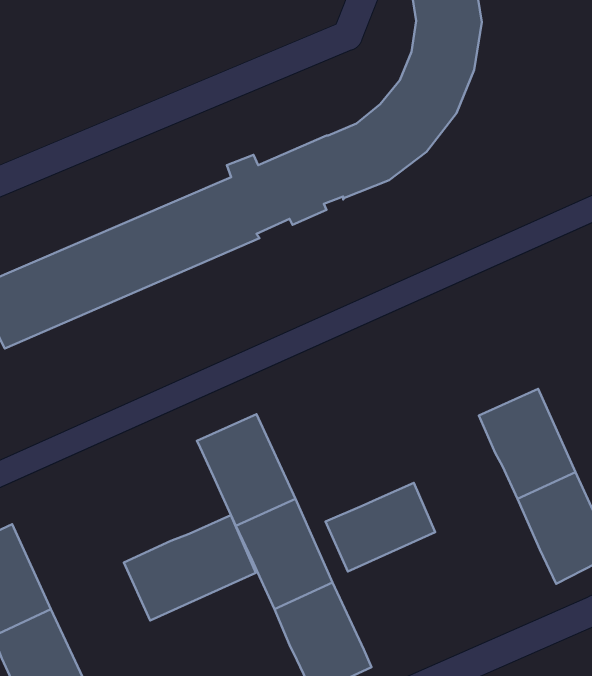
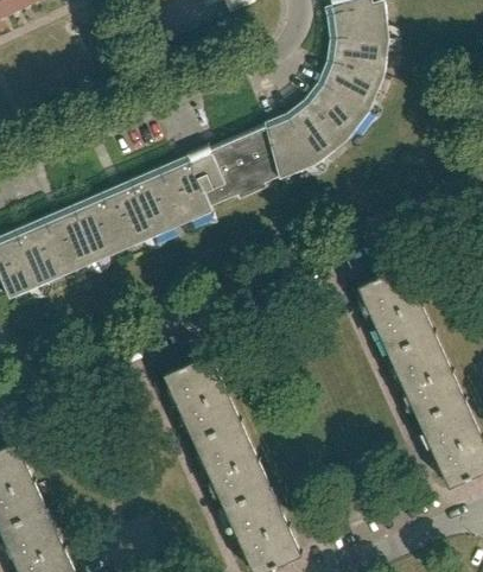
building: none -> [356,262,433,351]
building: [325,483,435,572] -> none
building: [124,515,256,621] -> none

